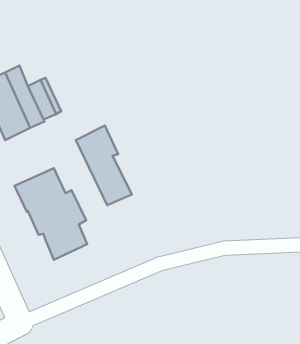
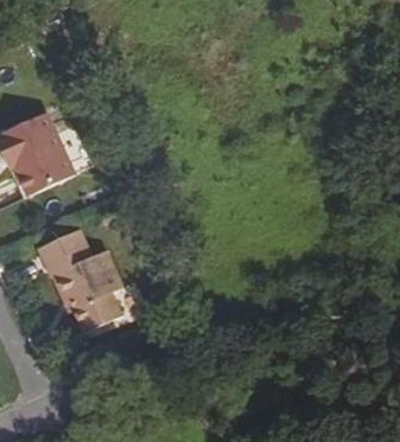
building: [76,125,132,205] -> none

